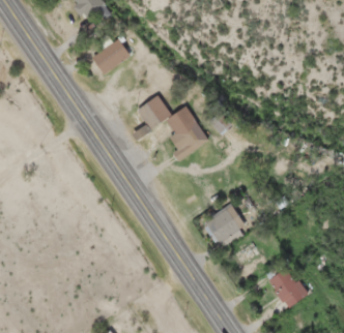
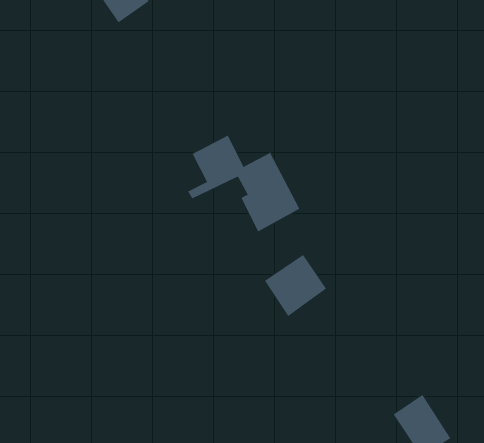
building: [91,36,134,74] -> none
building: [203,204,245,245] -> [264,254,327,317]

